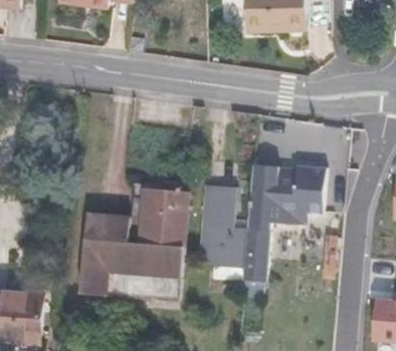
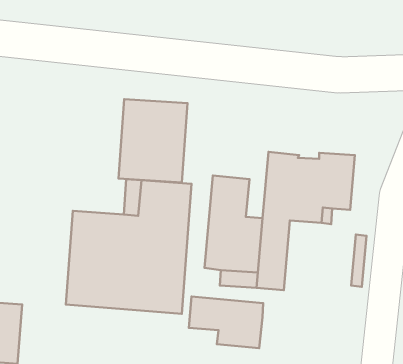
building: none -> [118,99,187,183]
building: none -> [189,297,263,348]

